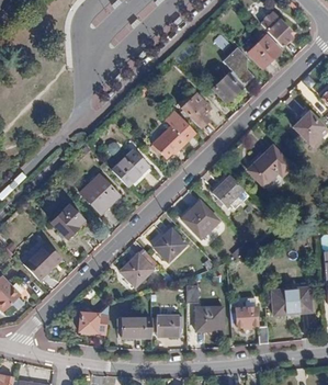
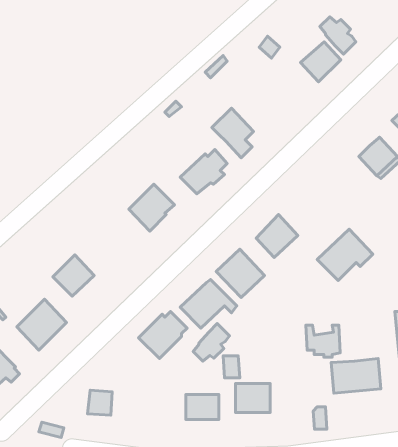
building: [216,47,255,101] -> none
building: [248,146,292,186] -> [317,229,373,280]
building: [81,174,120,211] -> none
building: none -> [193,324,229,361]
building: [230,303,258,328] -> [306,325,340,357]
building: [122,316,151,339] -> none

